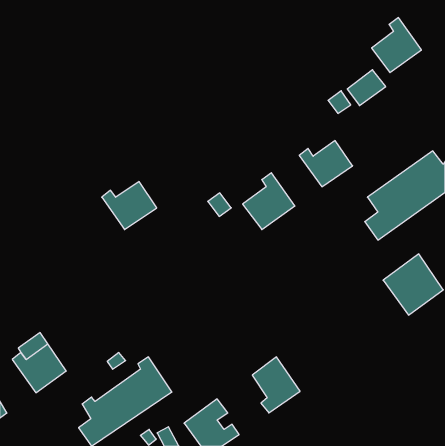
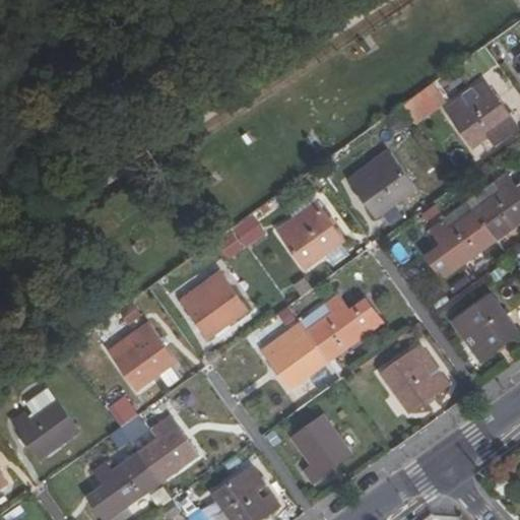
building: [372,18,421,73] -> [451,83,509,147]
building: [102,182,157,230] -> [181,280,245,336]
building: none -> [260,296,379,387]
building: none -> [117,320,175,387]
building: none -> [380,353,447,412]

